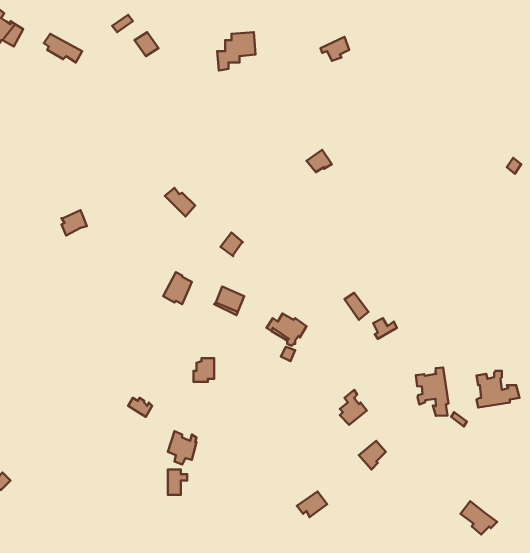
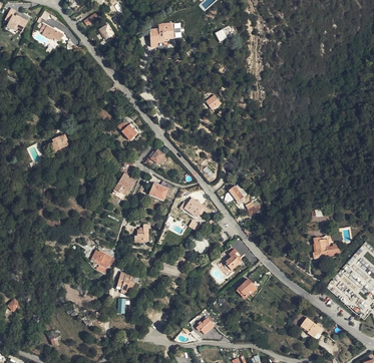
building: [416,367,449,416] -> none

